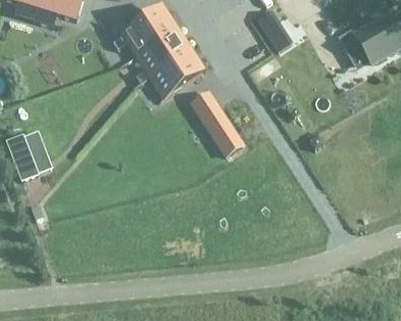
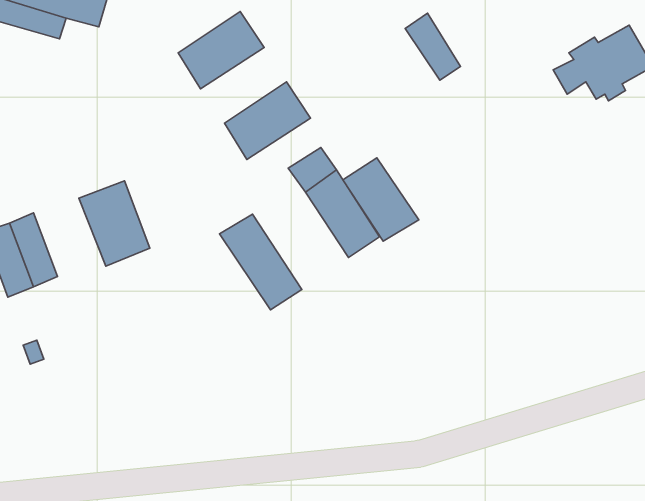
building: [136,30,187,75] -> none
building: none -> [343,158,419,241]
building: none -> [79,181,150,266]
building: none -> [219,214,302,310]

